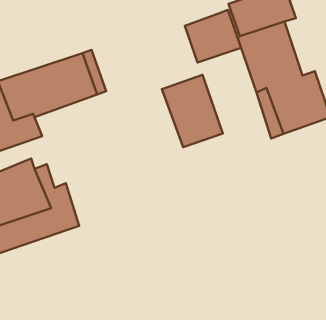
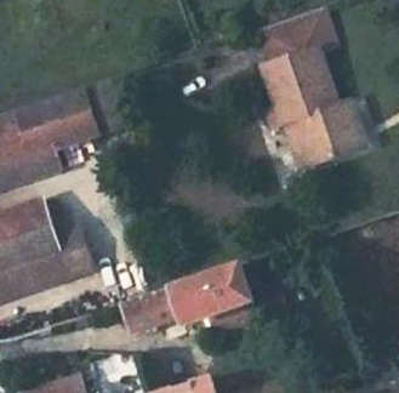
building: [185,10,241,63] -> none
building: [162,75,223,147] -> none
building: none -> [124,261,257,330]

